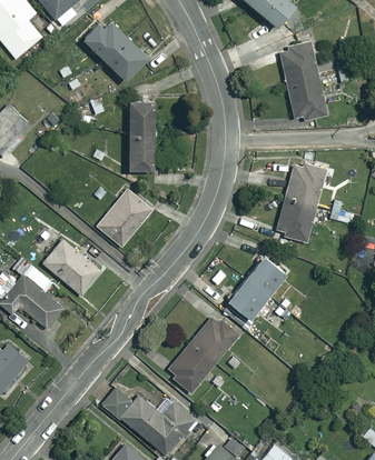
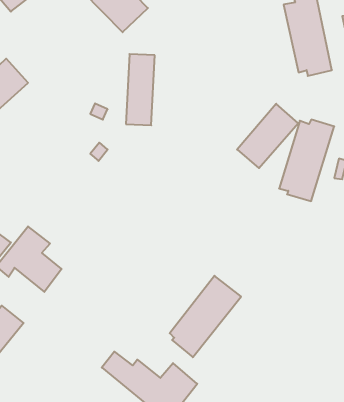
building: [96,189,152,247] -> none
building: [43,239,101,296] -> none
building: [227,254,286,317] -> [237,104,298,168]

